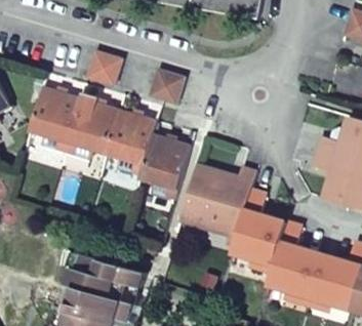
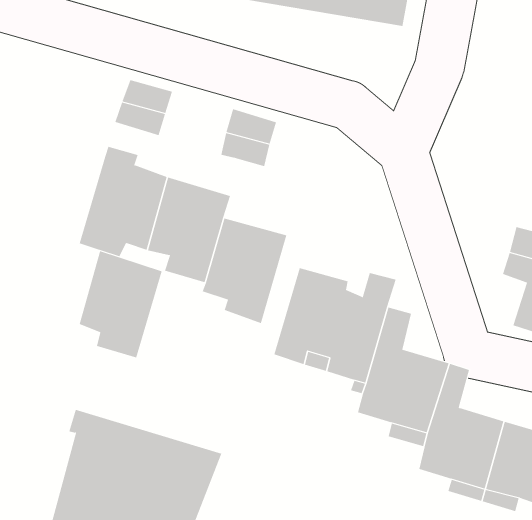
building: [30,84,80,149] -> [79,251,163,358]

